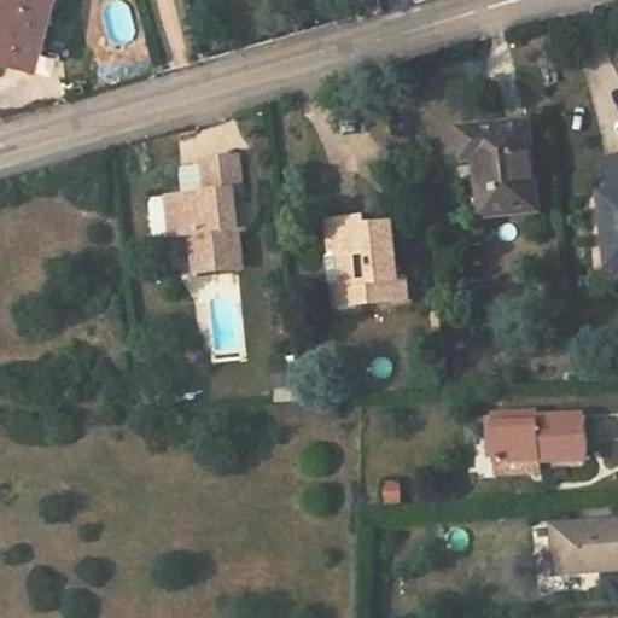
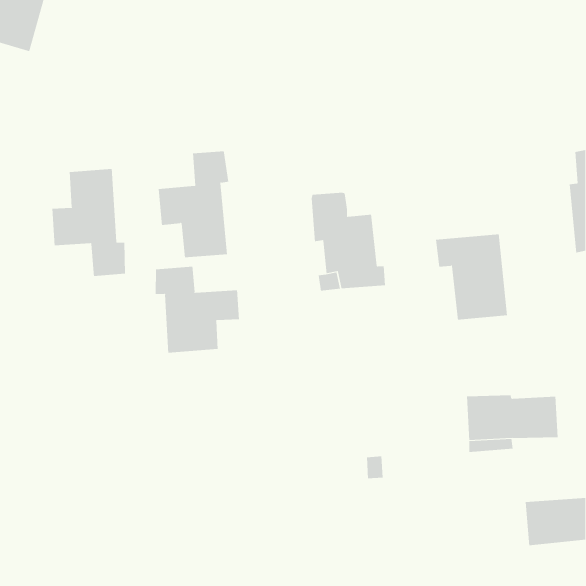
building: [457,124,534,215] -> [435,234,508,320]
building: none -> [52,168,125,277]
building: none -> [155,266,239,354]

